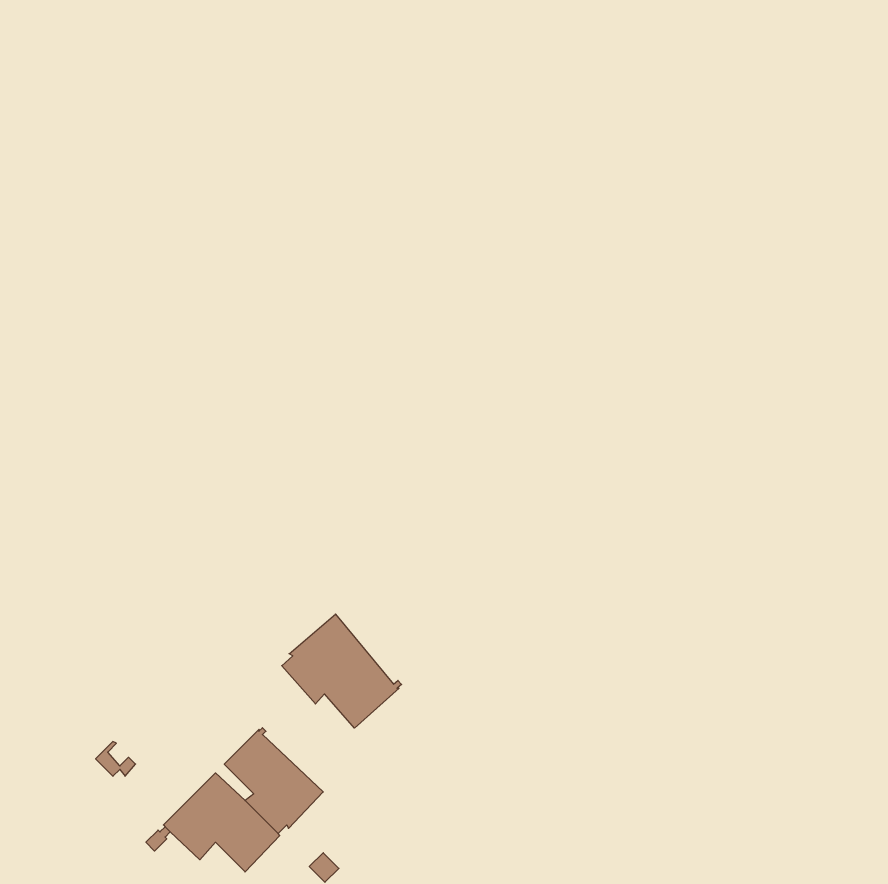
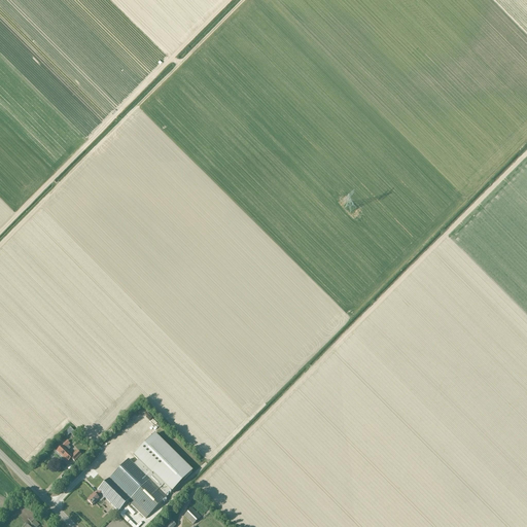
building: [282,614,402,728] -> none

